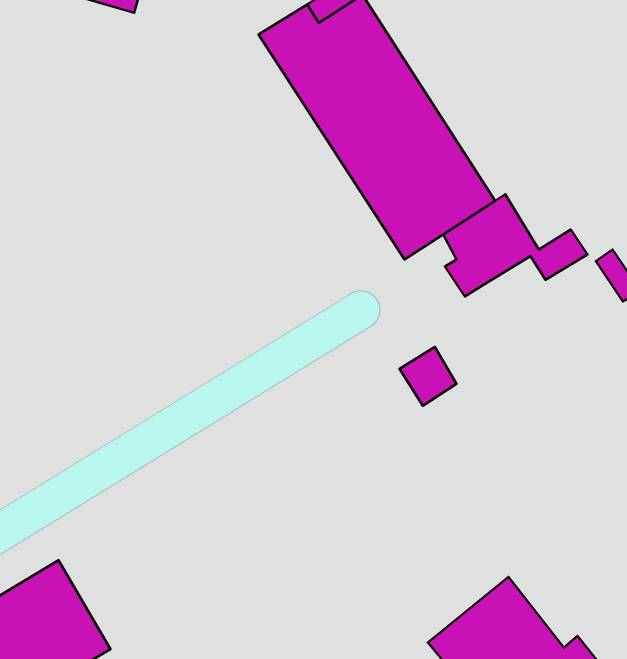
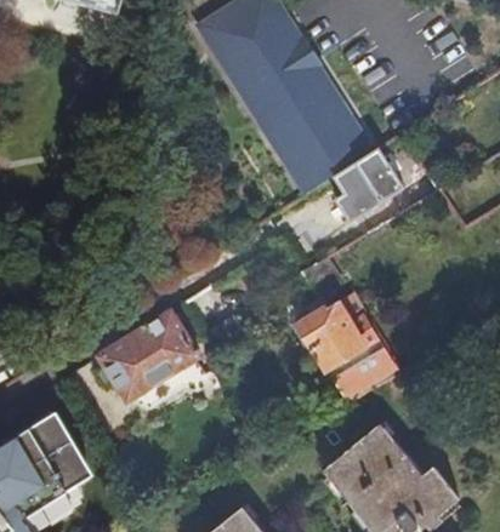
building: none -> [297,292,399,399]
building: none -> [100,309,210,410]

